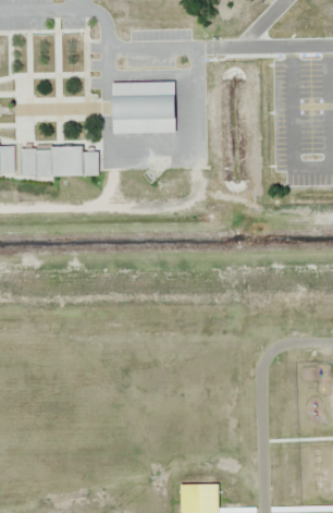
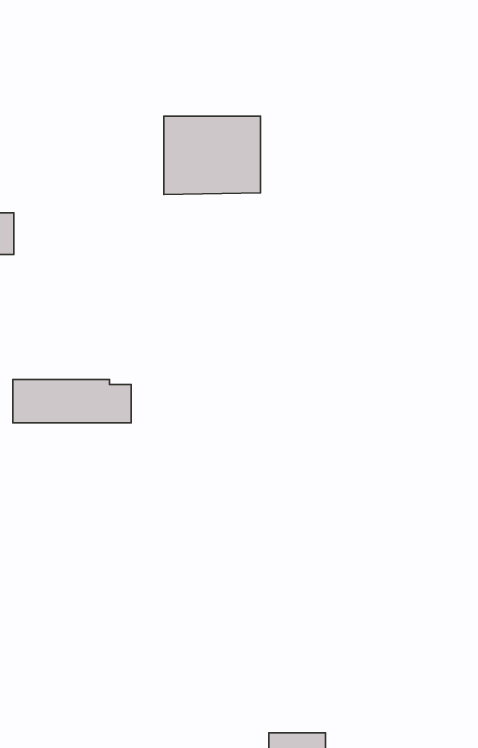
building: [21,147,98,175] -> [13,379,131,423]

